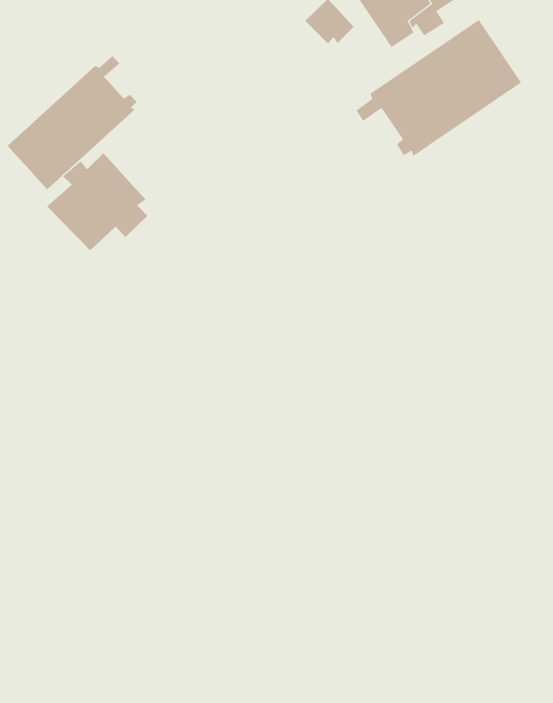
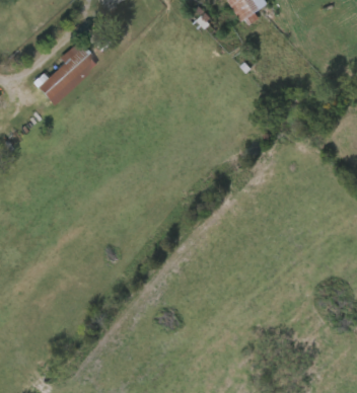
building: [356,19,522,157] -> none
building: [46,152,148,251] -> none

